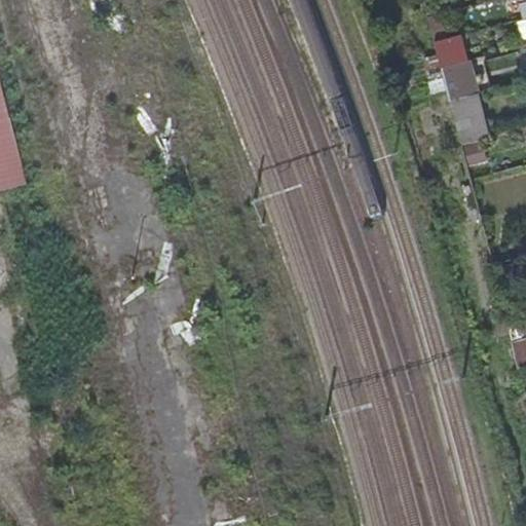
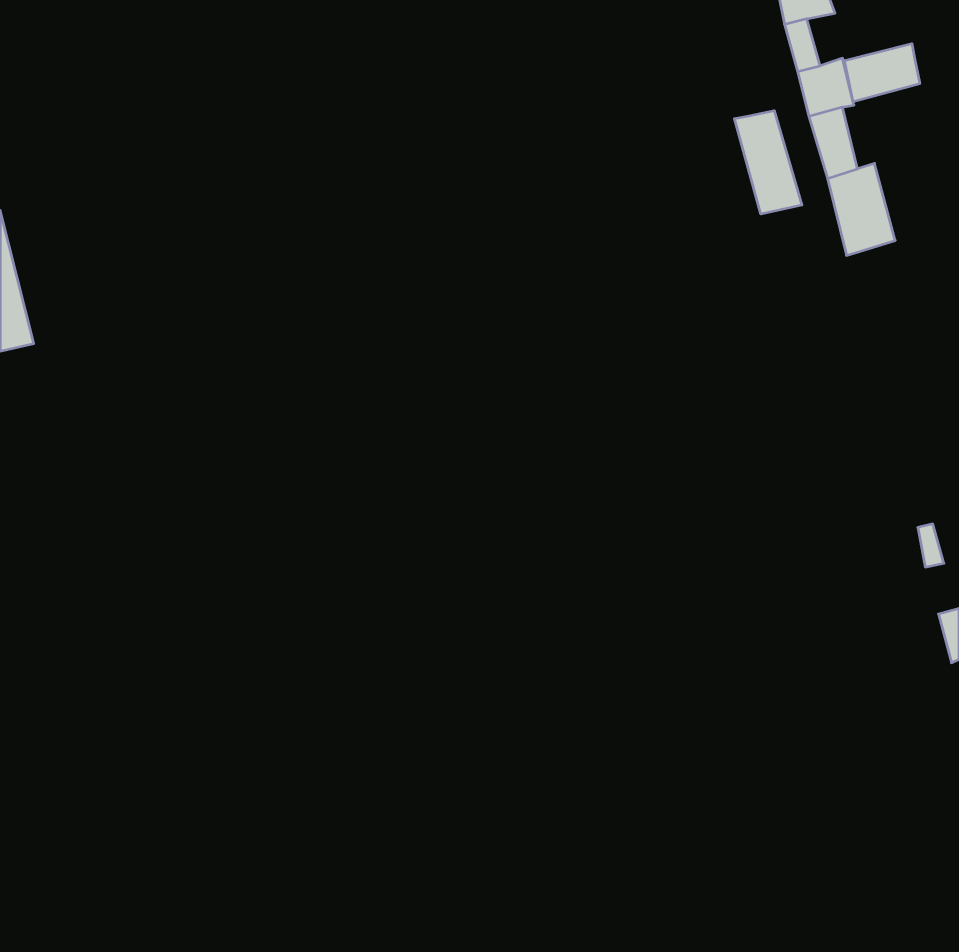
building: none -> [844,44,920,102]
building: none -> [734,111,802,214]

